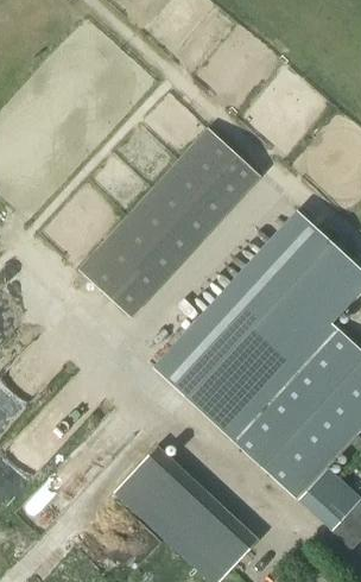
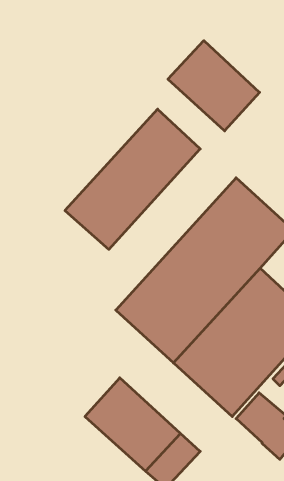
building: none -> [168,41,260,131]
building: [81,252,148,316] -> none

